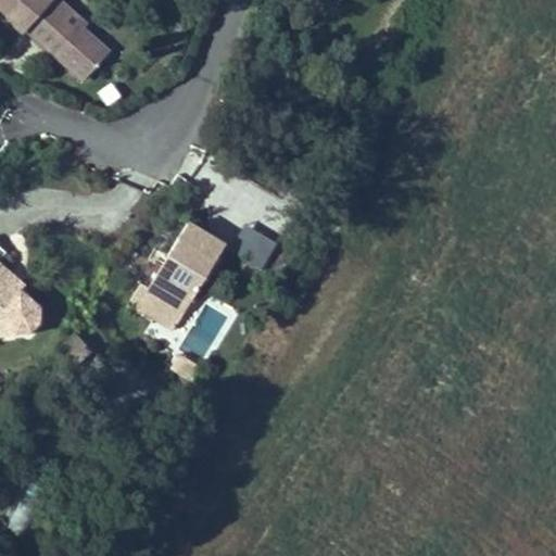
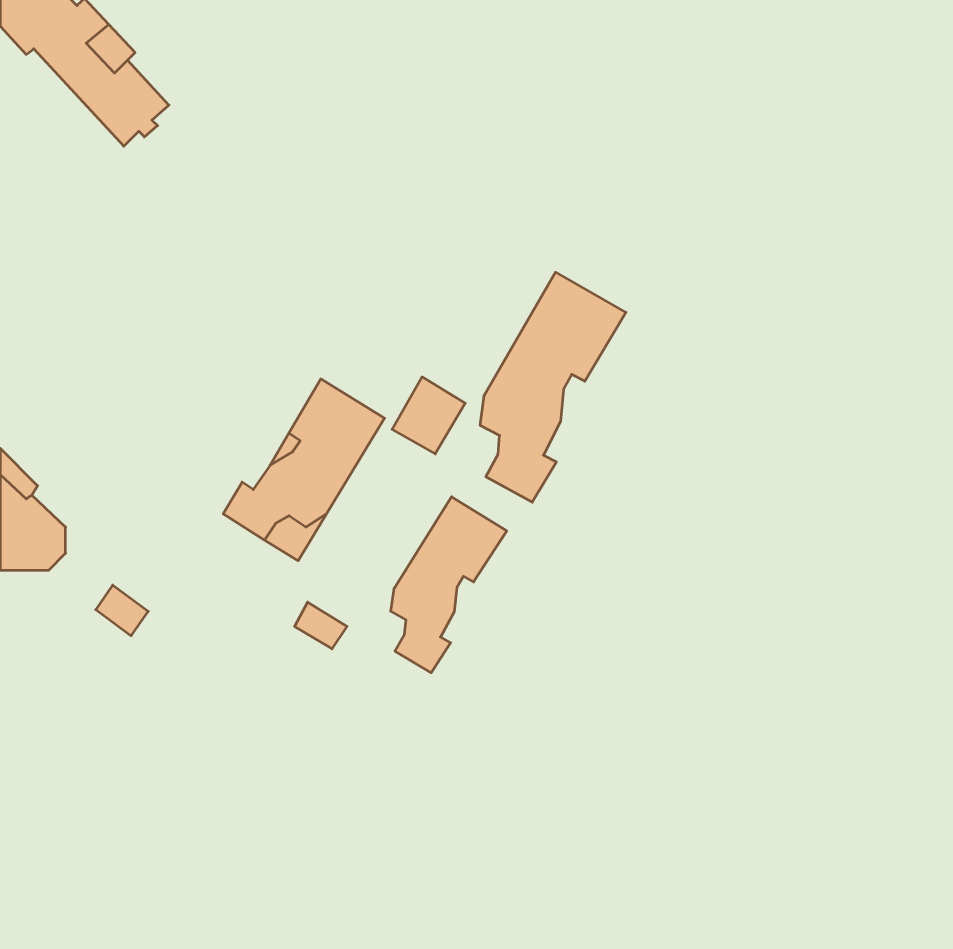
building: none -> [480,272,626,502]
building: none -> [391,497,507,673]

